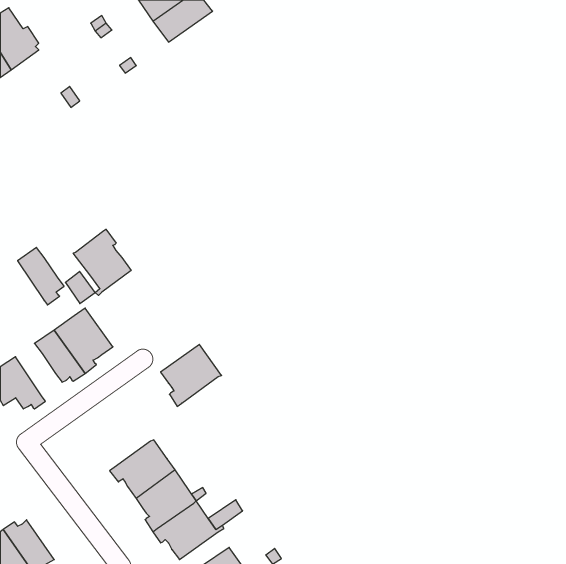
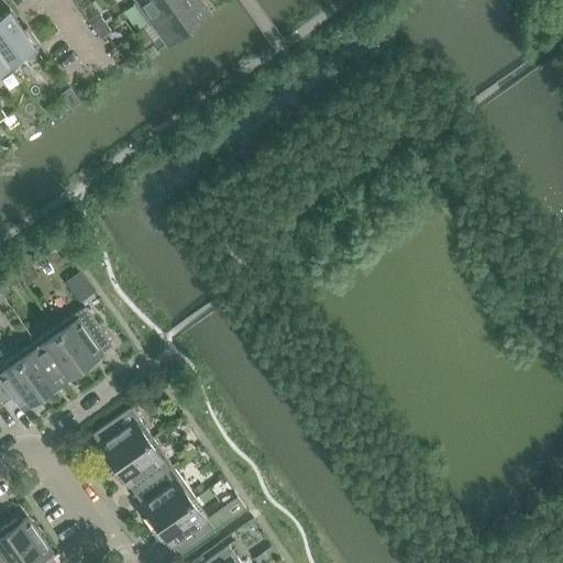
building: [73,229,131,295] -> none
building: [18,247,64,305] -> [15,343,62,400]
building: [161,344,222,406] -> [92,408,153,470]

